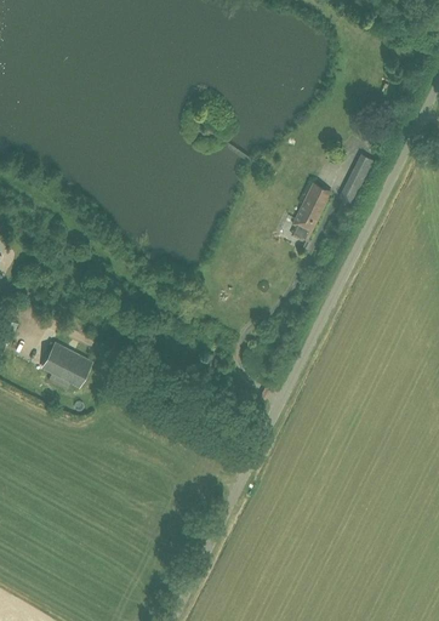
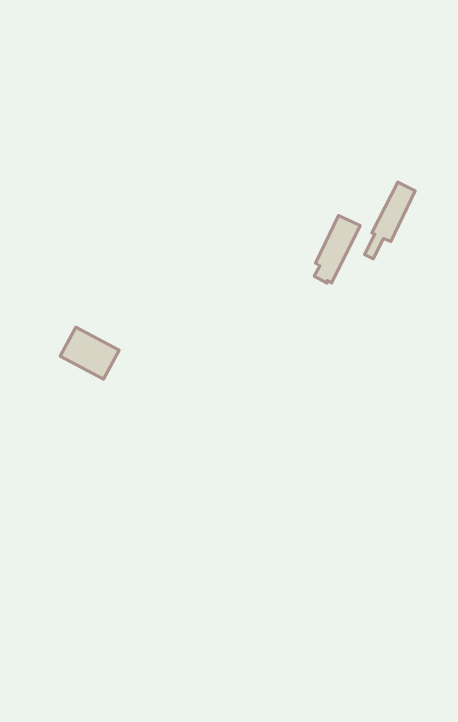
building: [40,343,90,387] -> [60,327,119,379]

